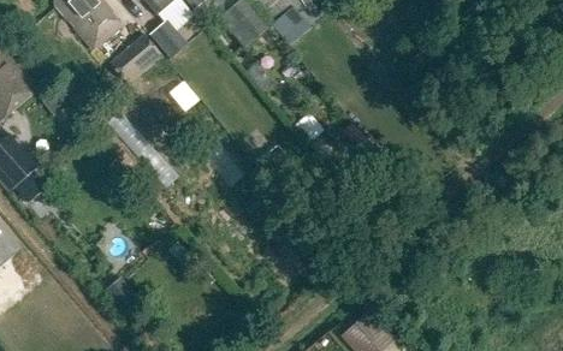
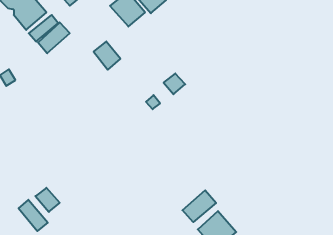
building: [147,16,185,56] -> [94,41,120,70]
building: none -> [182,190,216,222]
building: none -> [19,200,48,231]

